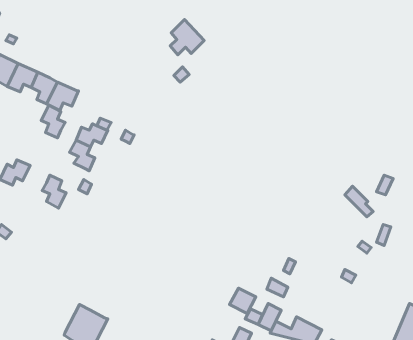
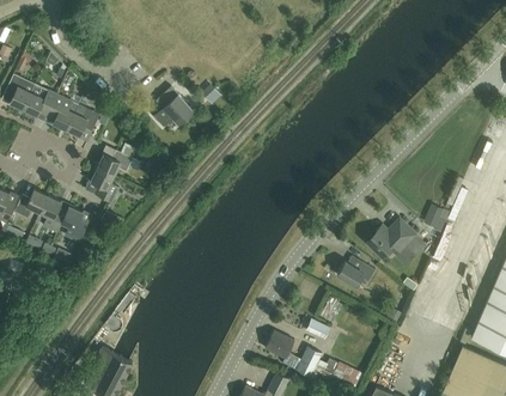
building: [170,20,204,55] -> [156,89,193,127]
building: [41,105,65,138] -> [39,196,66,232]
building: none -> [366,229,415,264]
building: none -> [337,262,376,287]

